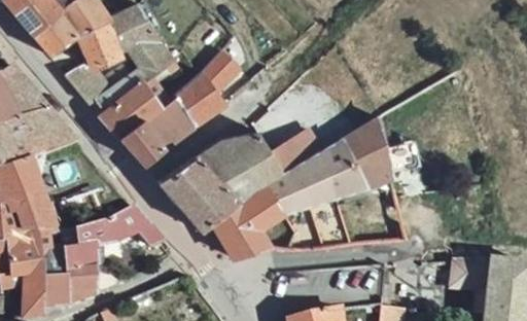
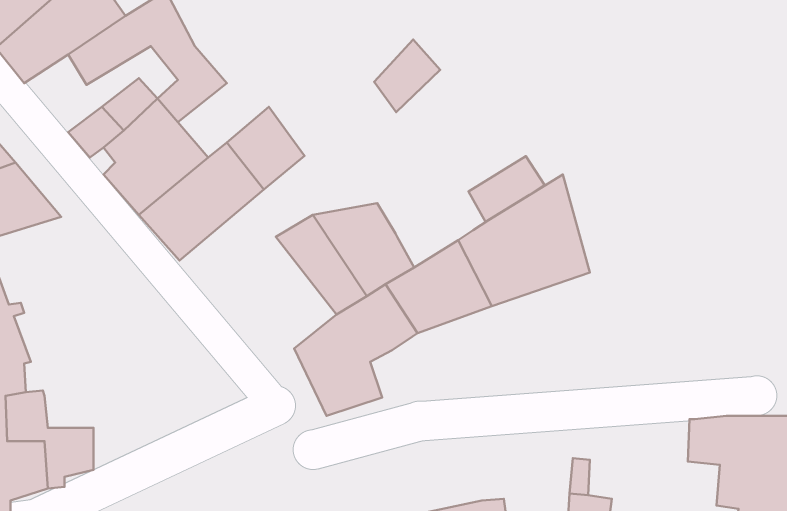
building: [199,48,239,93] -> [374,40,440,112]
building: [277,132,323,172] -> [469,156,545,222]
building: [157,153,240,233] -> none
building: [62,205,162,276] -> none

